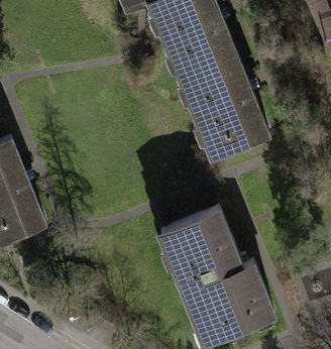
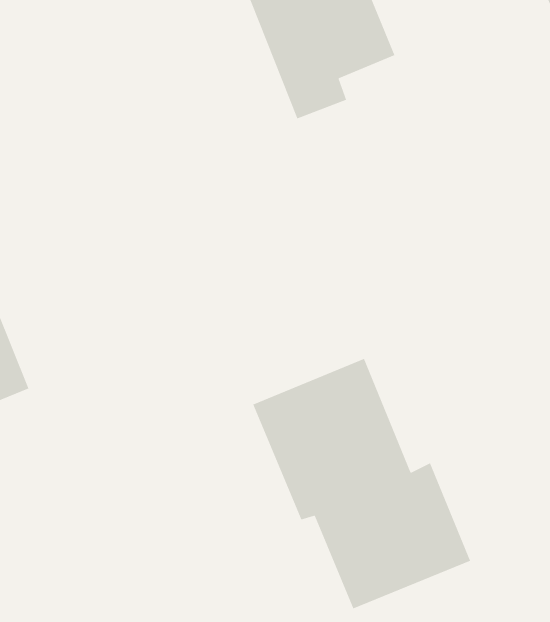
building: [183,52,267,158] -> none

